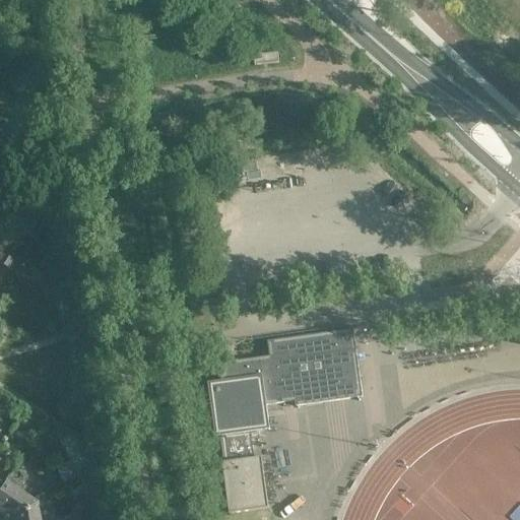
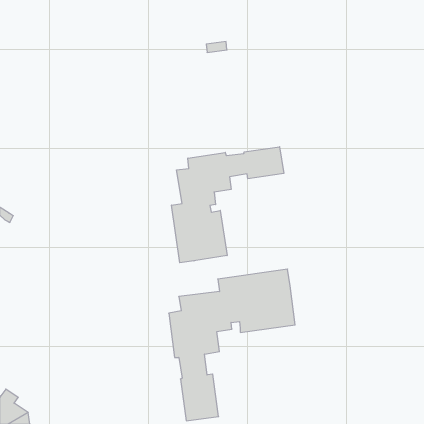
building: none -> [172,147,284,263]

